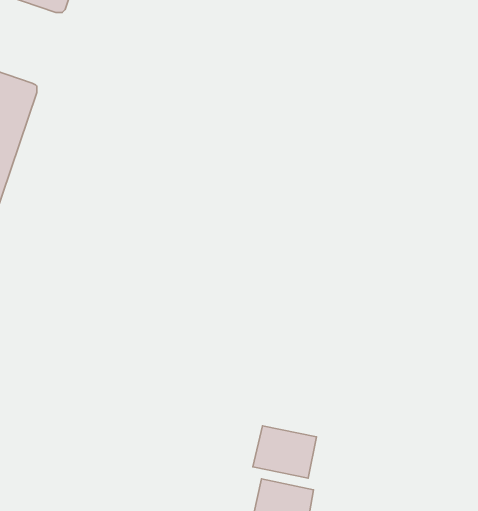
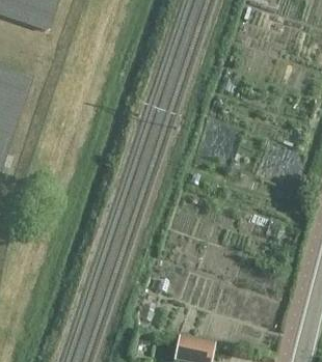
building: [253,426,316,478] -> none

